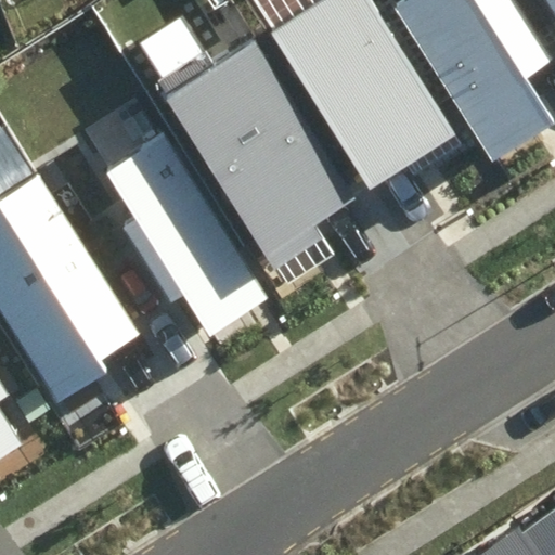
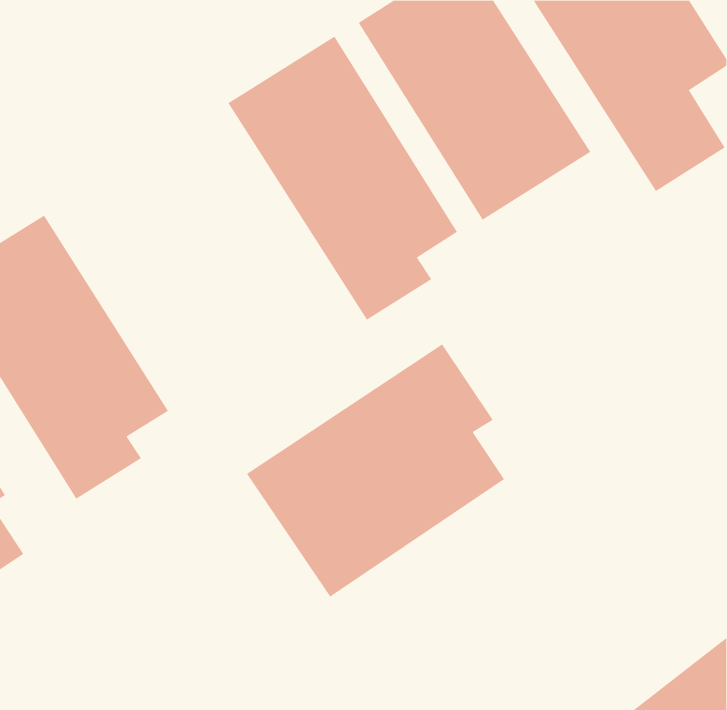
building: [107,139,258,330] -> none
building: none -> [246,344,505,598]

